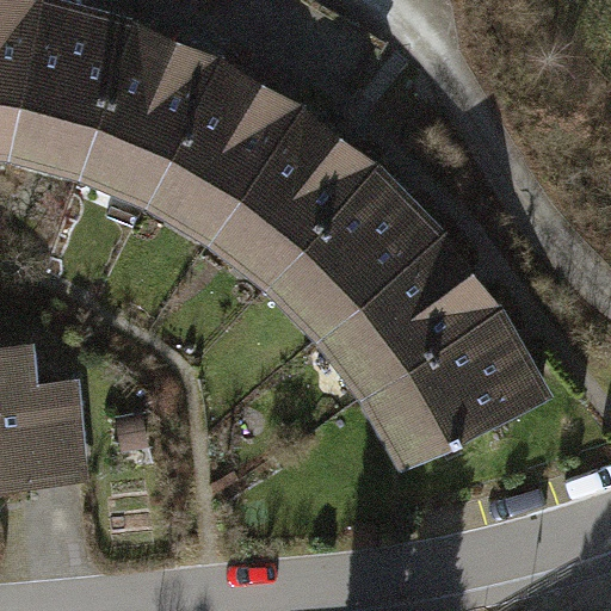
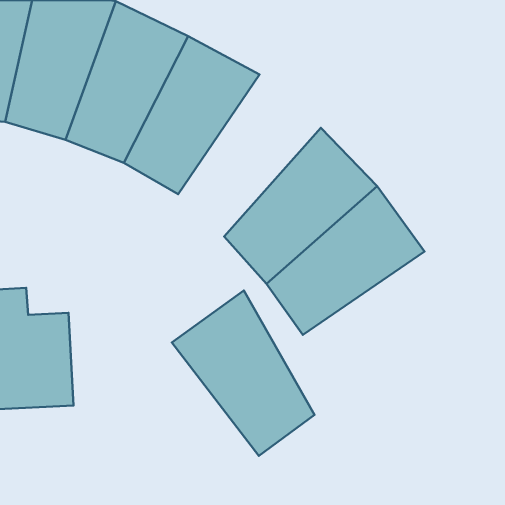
building: [211,99,381,291] -> none
building: [359,309,553,476] -> none
building: none -> [172,290,315,456]

